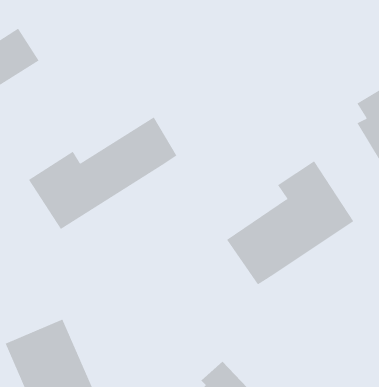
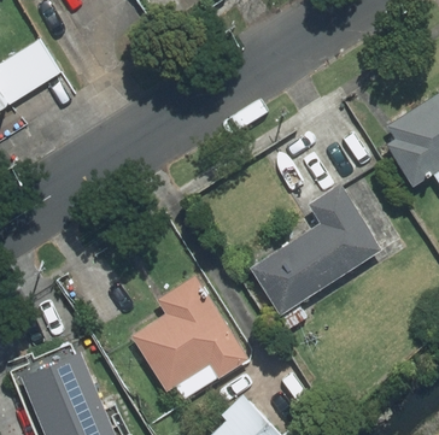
building: [28,117,177,230] -> none
building: none -> [129,283,250,393]

